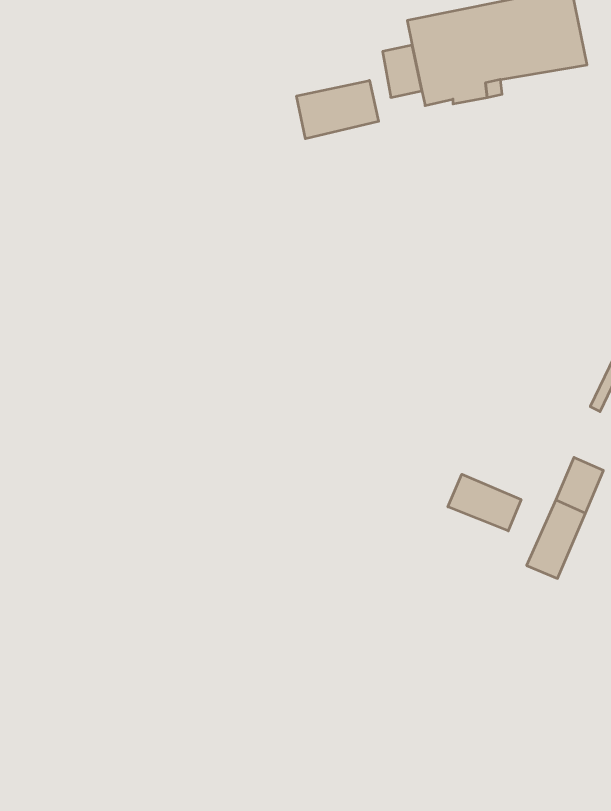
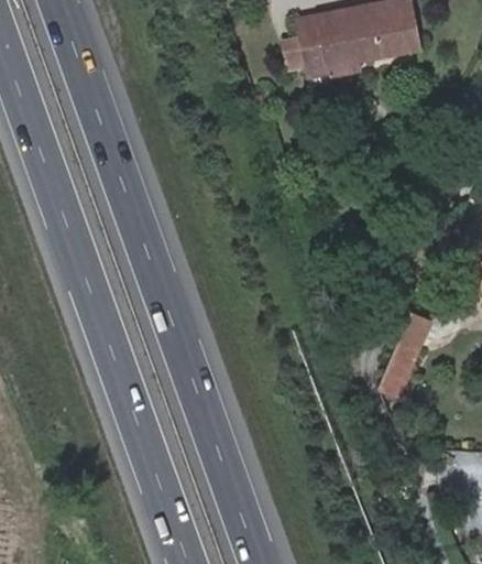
building: [297,80,379,139] -> none
building: [448,474,521,531] -> none

